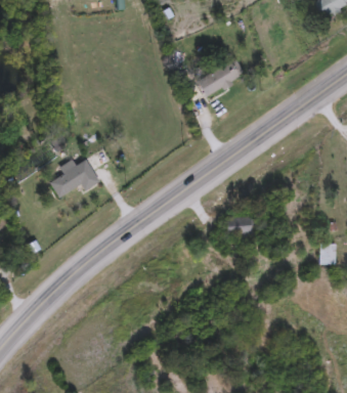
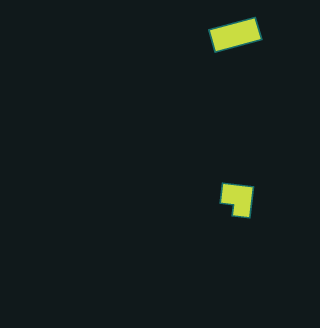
building: [49,159,98,196] -> none

